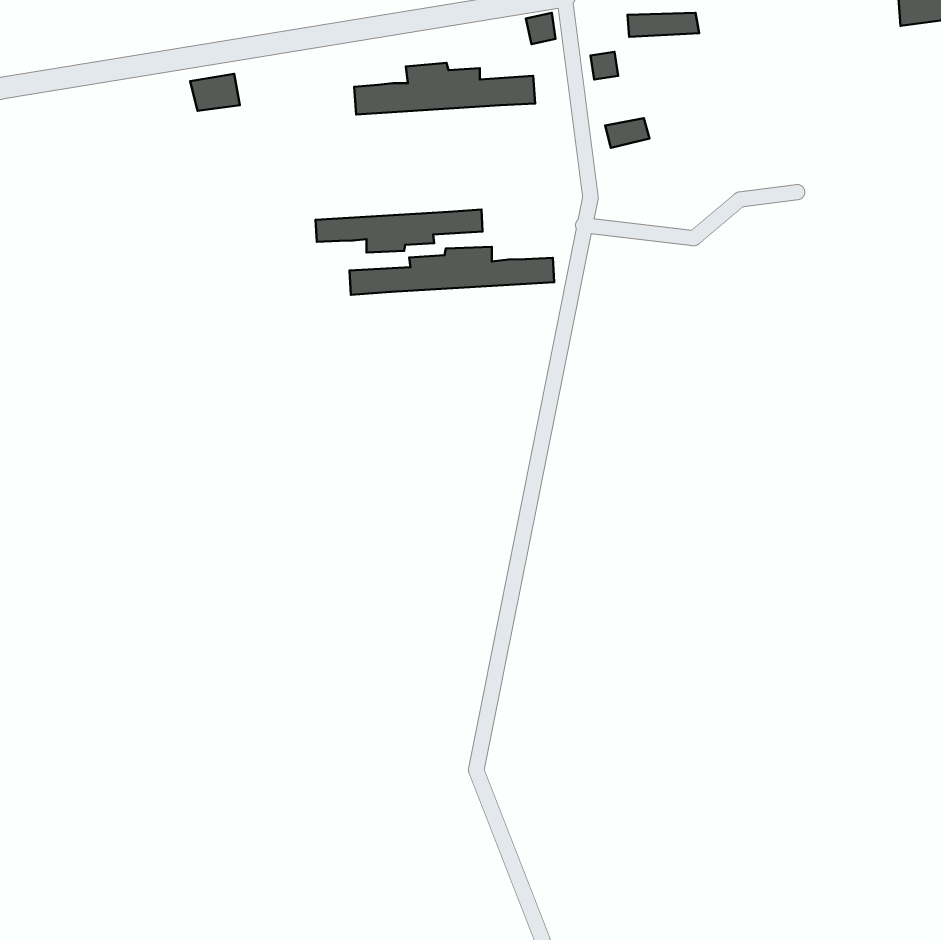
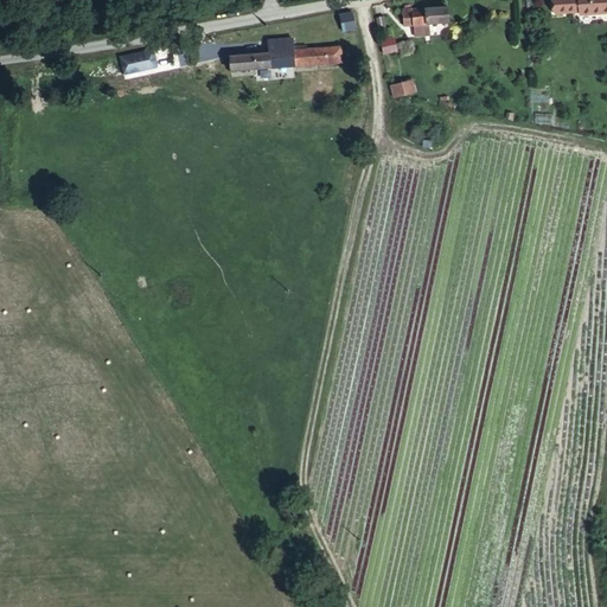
building: [315,210,483,252] -> none
building: [350,247,554,295] -> none

